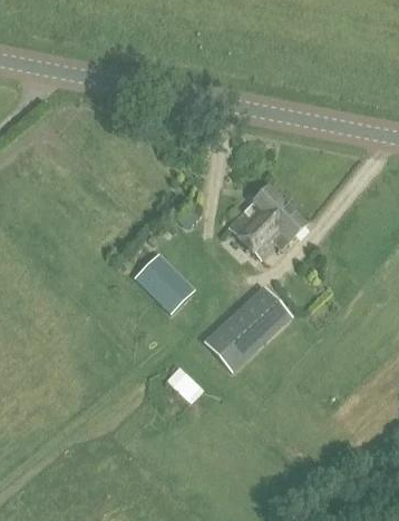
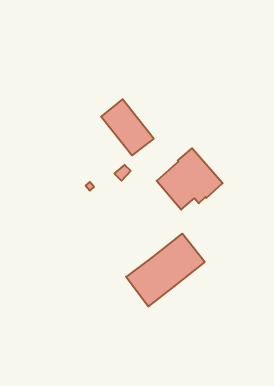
building: [136,247,199,312] -> [101,99,154,155]

